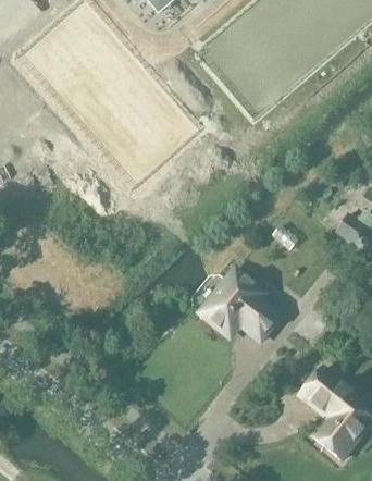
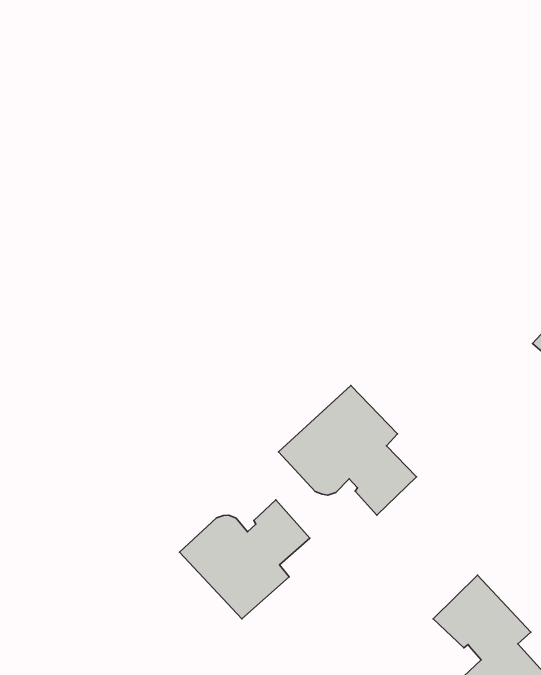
building: none -> [180,500,310,619]

